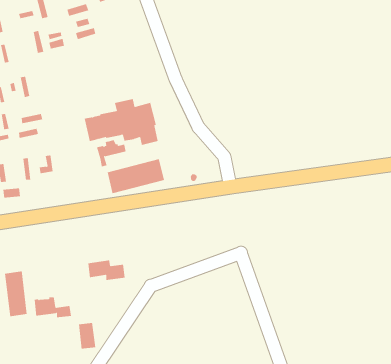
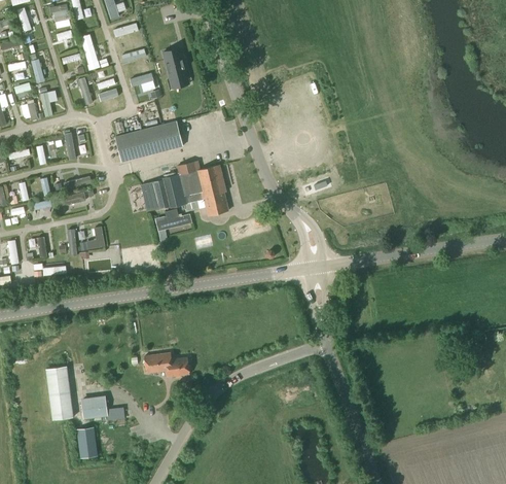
building: none -> [162,47,187,80]
building: [107,158,165,194] -> [114,119,183,162]
building: [78,322,96,349] -> [76,425,98,457]

